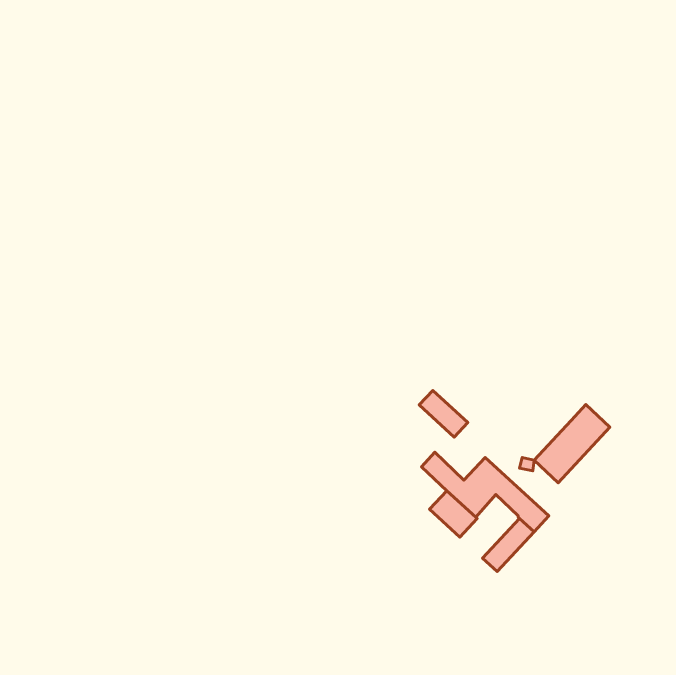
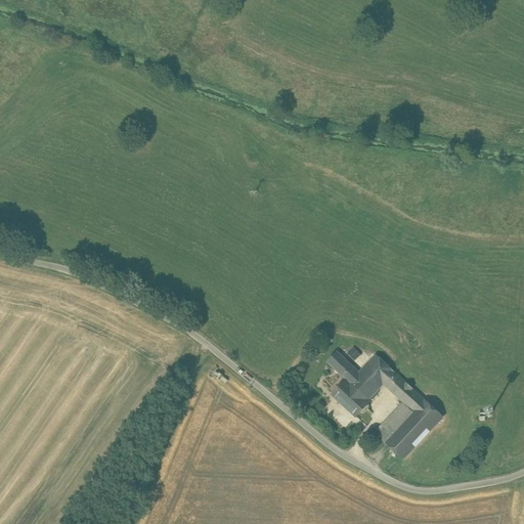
building: [419,390,468,437] -> none
building: [534,404,610,483] -> [384,398,442,458]

